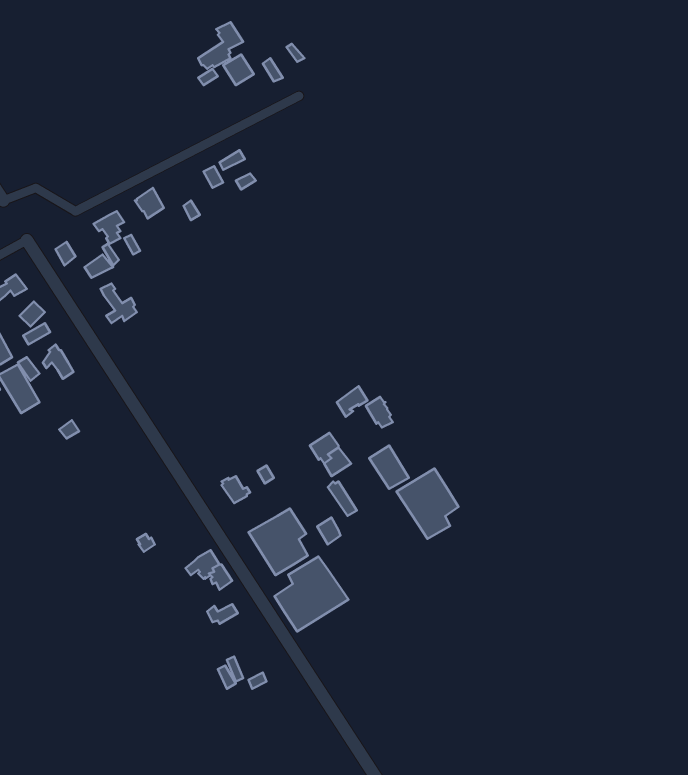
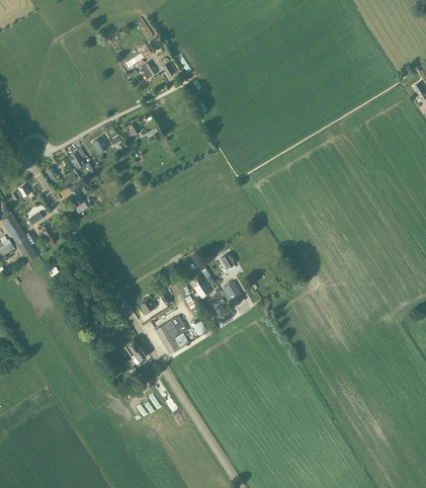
building: [396,468,458,539] -> none
building: [275,556,349,632] -> none

